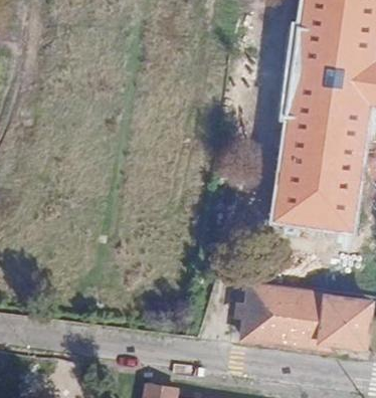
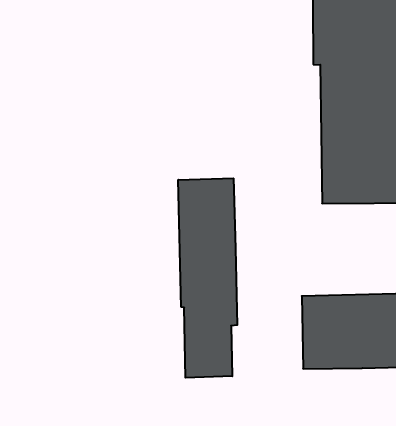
building: none -> [178,178,237,378]

